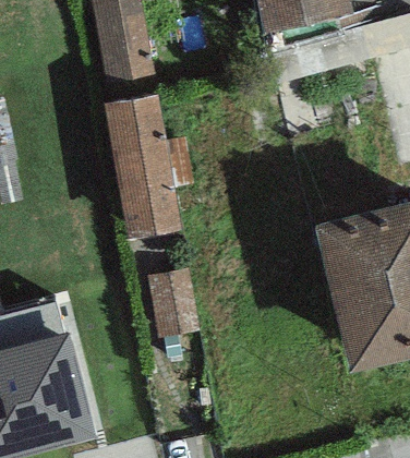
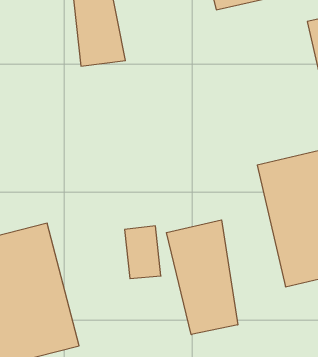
building: [105,95,177,237] -> none
building: none -> [166,220,238,335]

